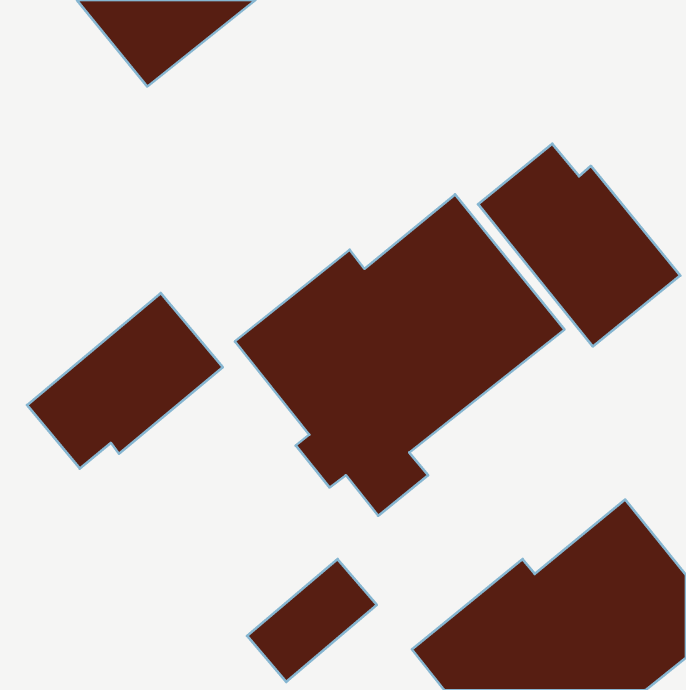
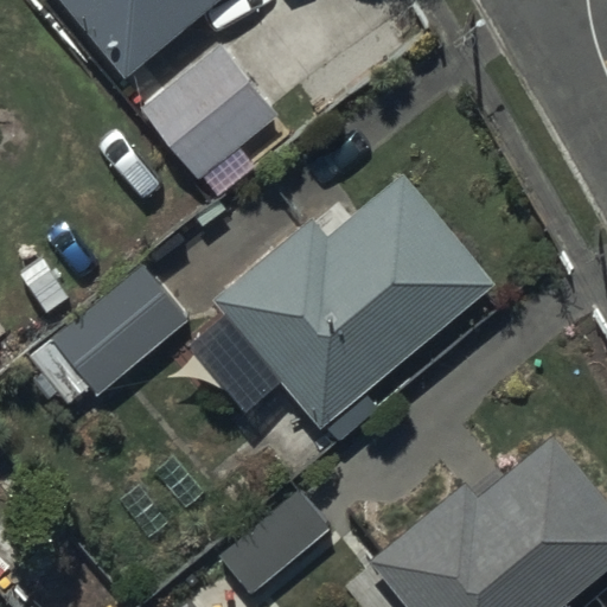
building: none -> [141,43,279,178]
building: [478,144,680,346] -> none

